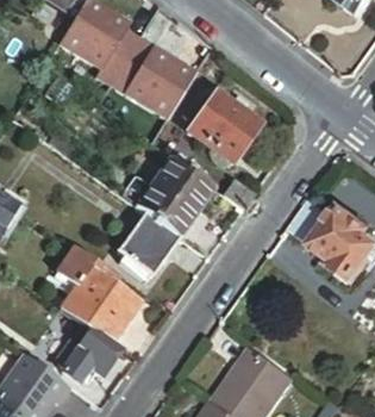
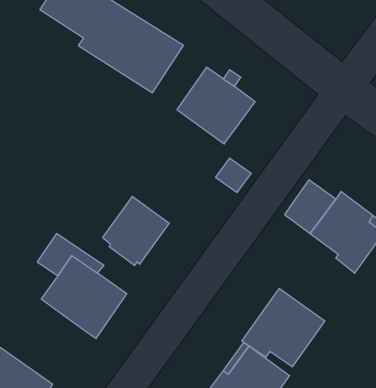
building: [136,155,214,236] -> none
building: none -> [242,289,325,367]
building: [58,329,121,381] -> none

